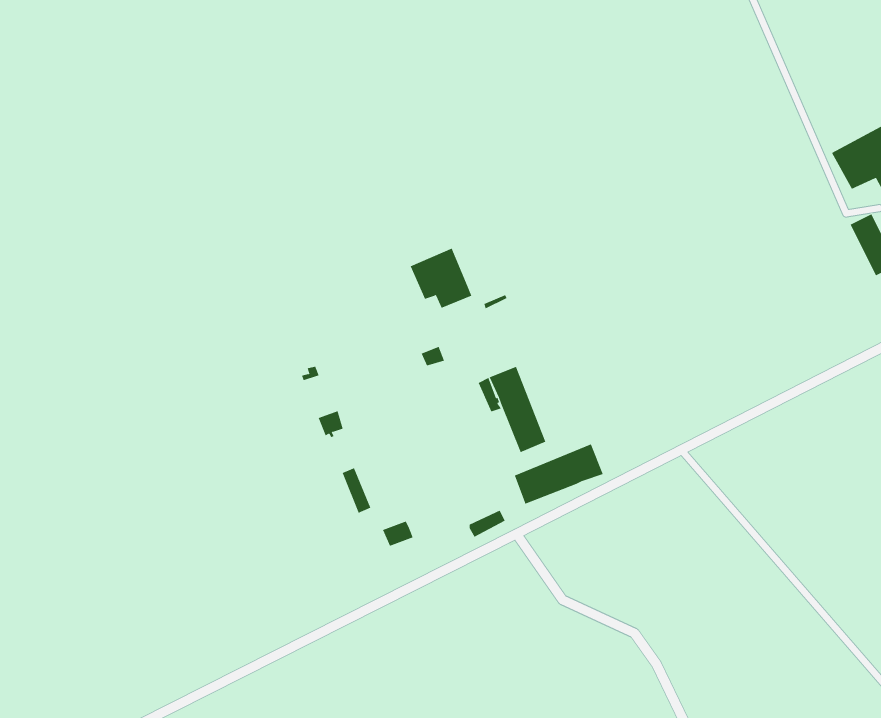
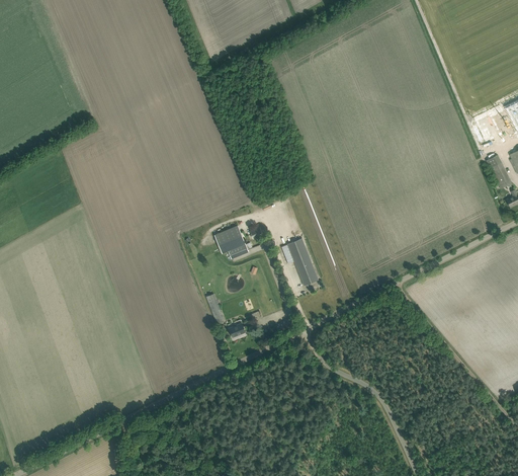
building: [410,248,472,309] -> [214,225,249,258]
building: [514,443,604,505] -> none

